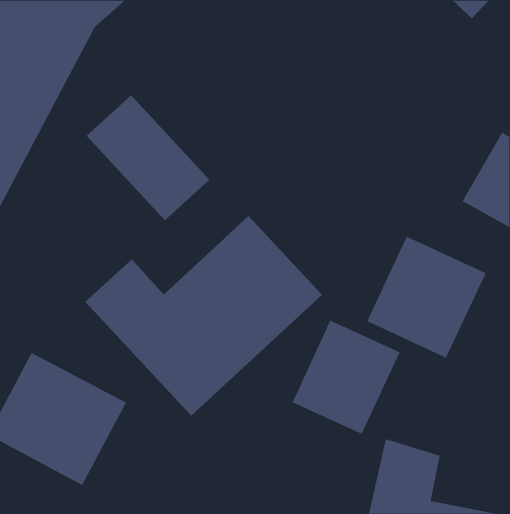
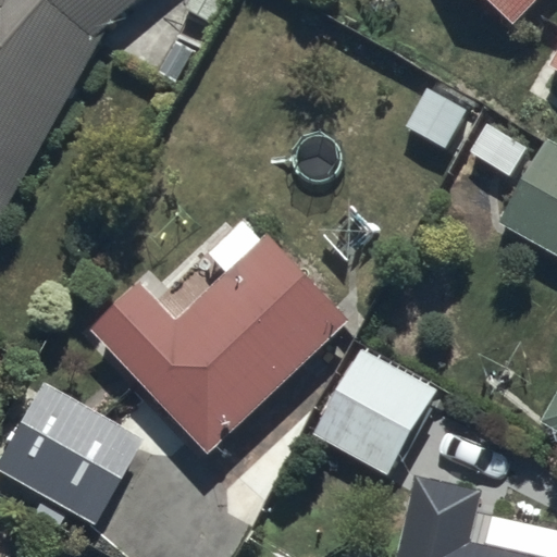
building: [86,95,210,221] -> none
building: [366,236,486,358] -> none

